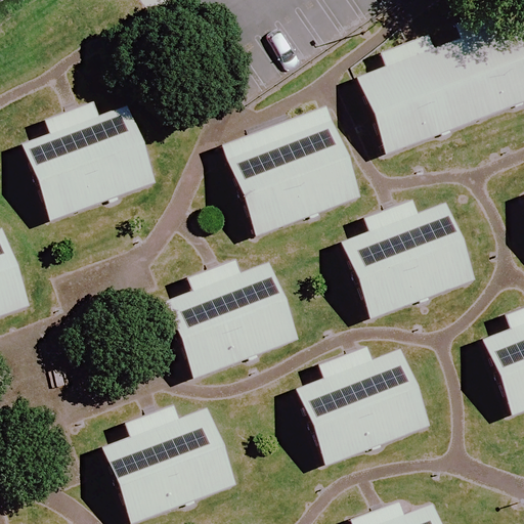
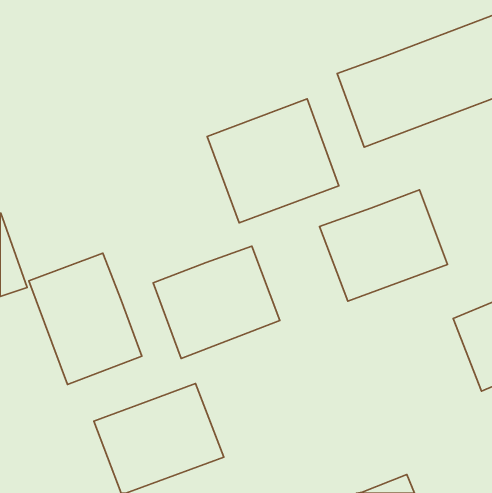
building: [21,102,157,220] -> none
building: none -> [29,253,142,385]
building: [296,347,431,466] -> none

